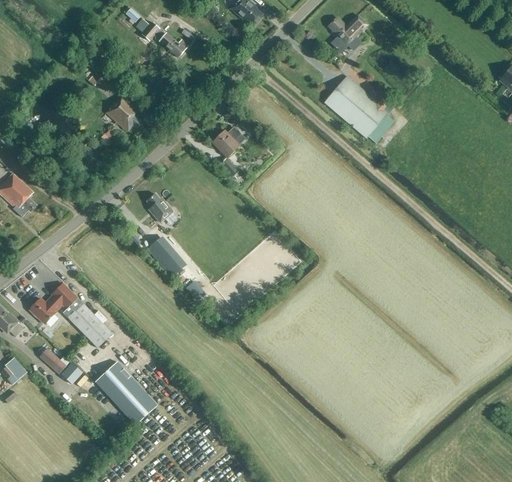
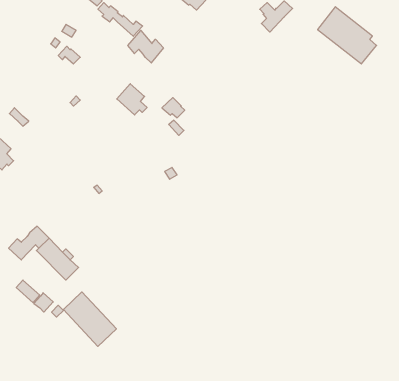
building: none -> [128,30,163,63]
building: [324,75,394,143] -> [318,7,377,64]
building: [105,94,141,131] -> [117,84,147,115]
building: [146,193,172,222] -> none
building: [147,237,184,276] -> none

